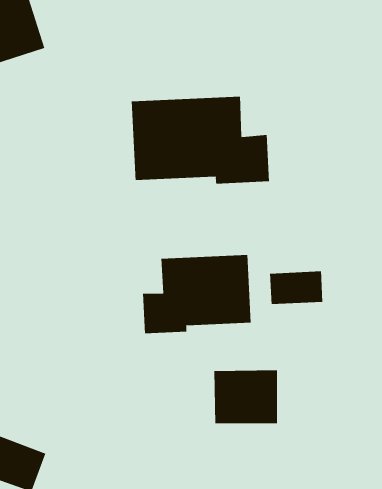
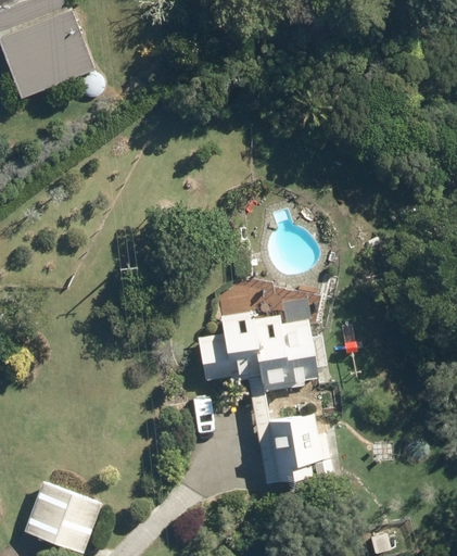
building: [131,96,269,184] -> none
building: [269,270,323,305] -> none

